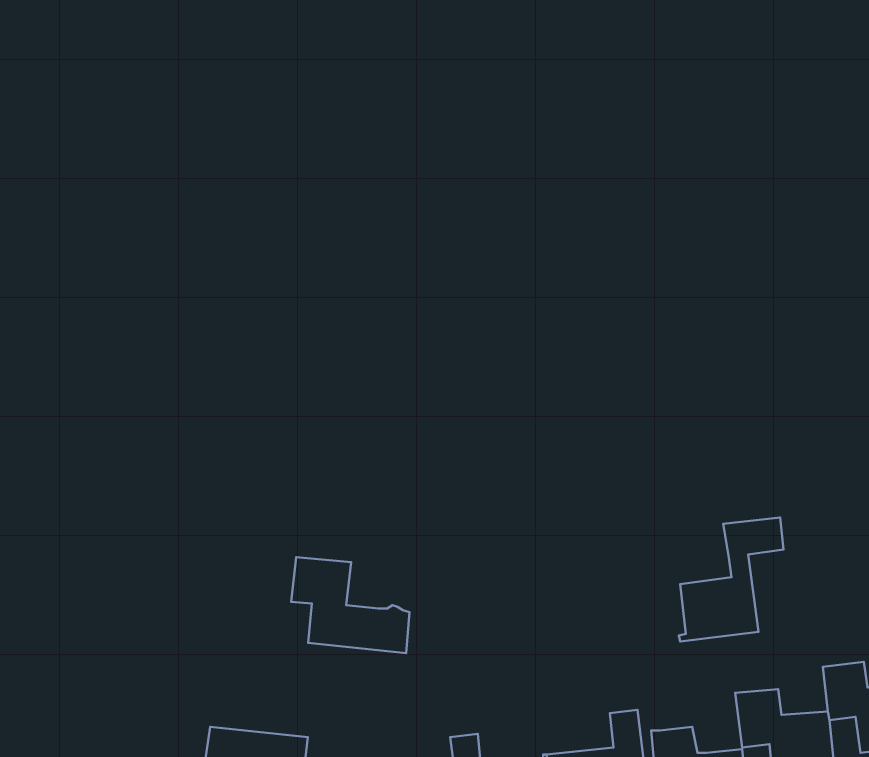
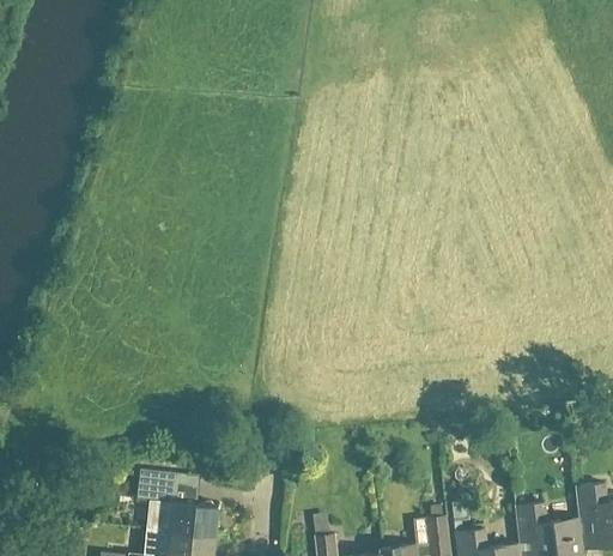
building: [679,518,784,641] -> none
building: [291,557,410,653] -> [135,470,218,537]

